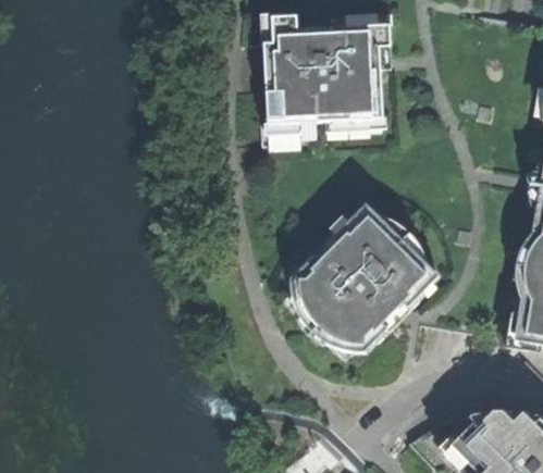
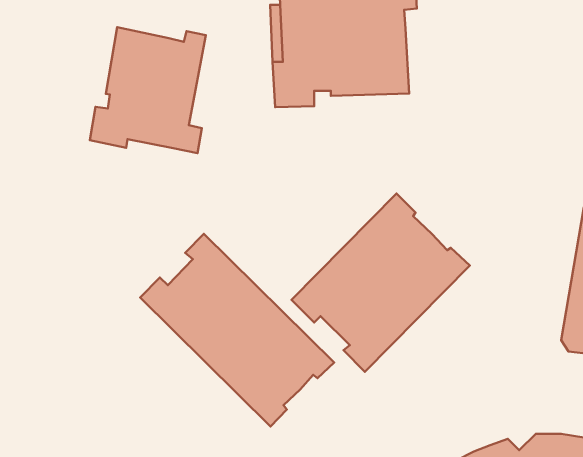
building: none -> [90,27,206,153]
building: none -> [140,234,334,426]

